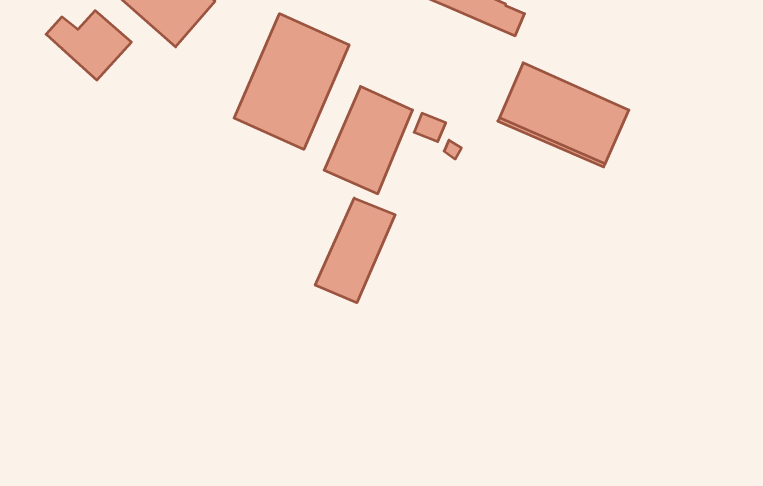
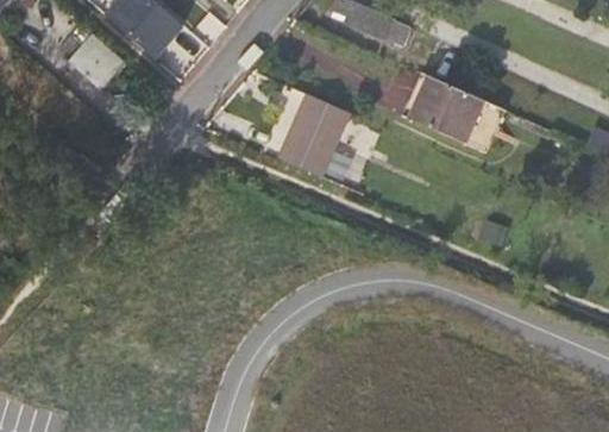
building: [234,14,349,149] -> none
building: [315,198,395,303] -> none

